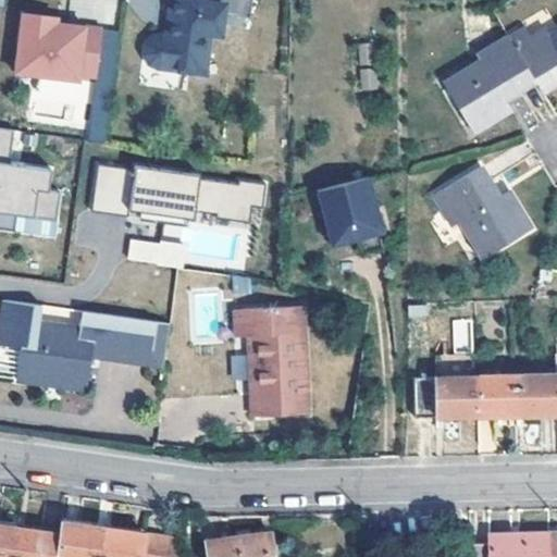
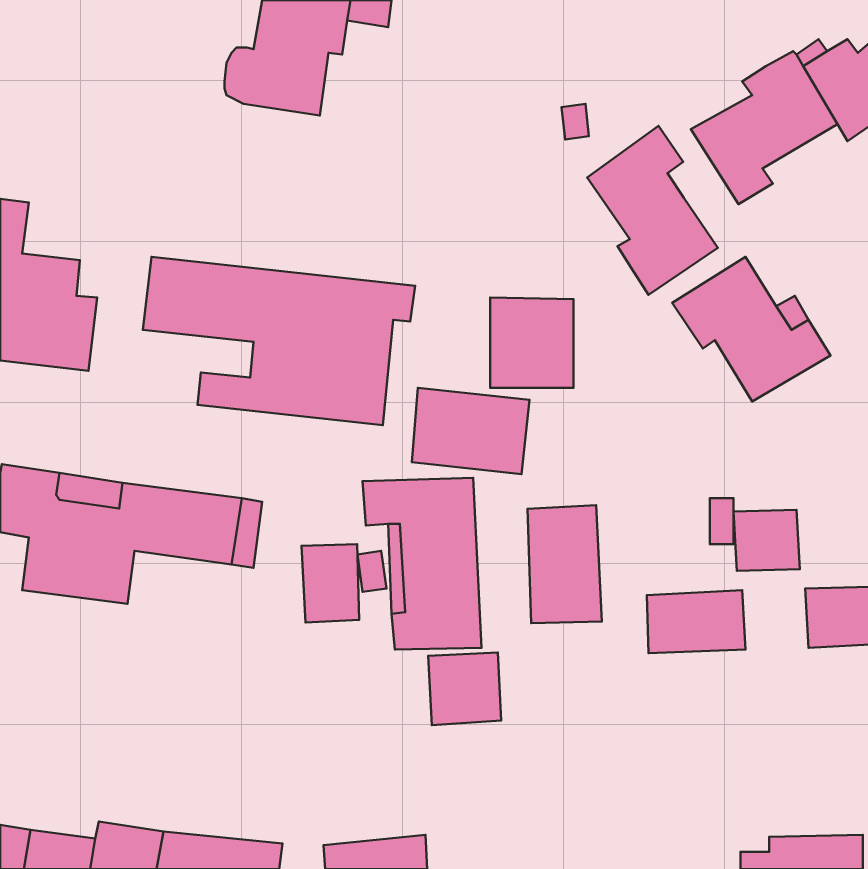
building: [14,10,102,78] -> none
building: none -> [587,126,718,295]
building: none -> [412,388,530,474]
building: none -> [528,505,602,623]
building: none -> [302,544,359,623]
building: [475,376,518,416] -> [734,510,800,571]
building: none -> [428,652,501,725]

